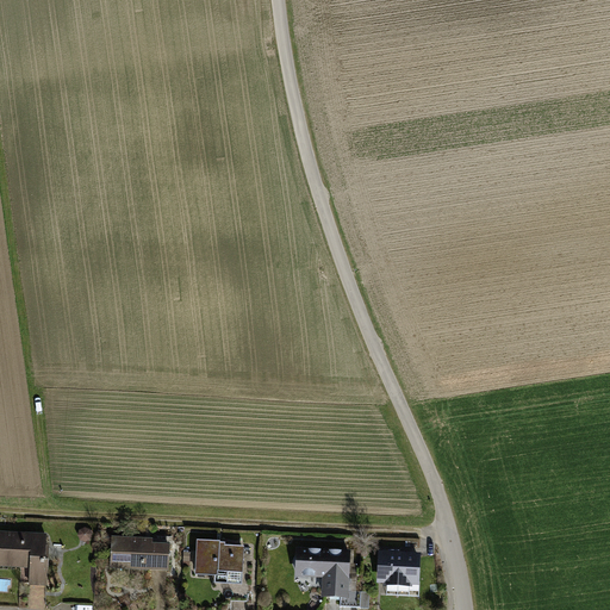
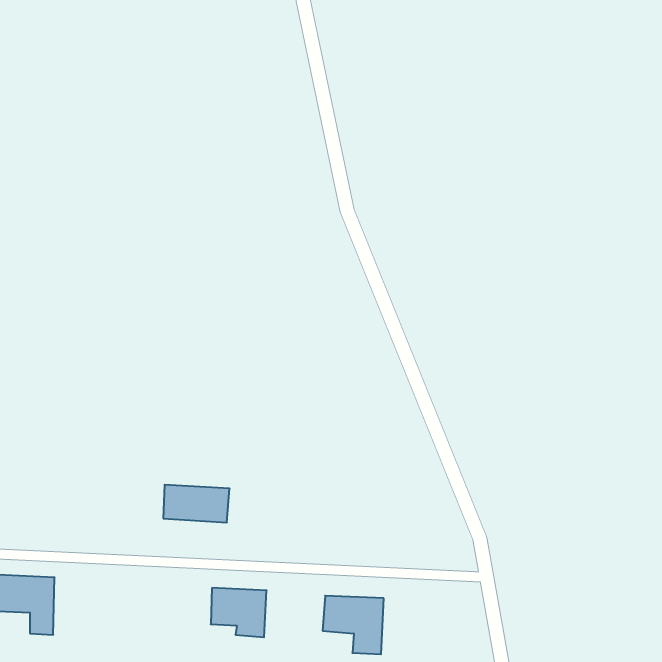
building: [111,536,172,571] -> [163,485,230,522]
building: [373,552,418,589] -> none

